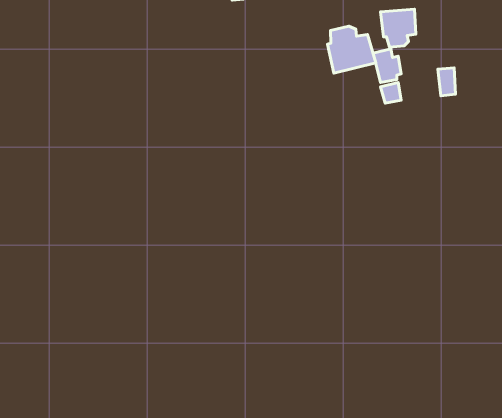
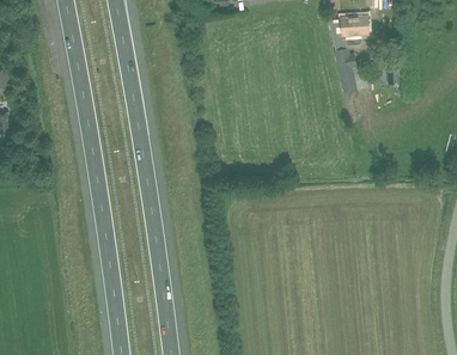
building: [327,26,376,73] -> none

